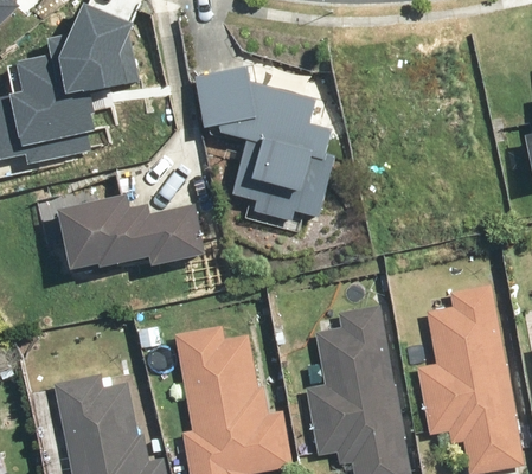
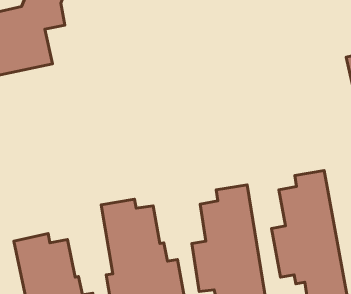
building: [194,68,334,222] -> none
building: [58,197,206,273] -> none

